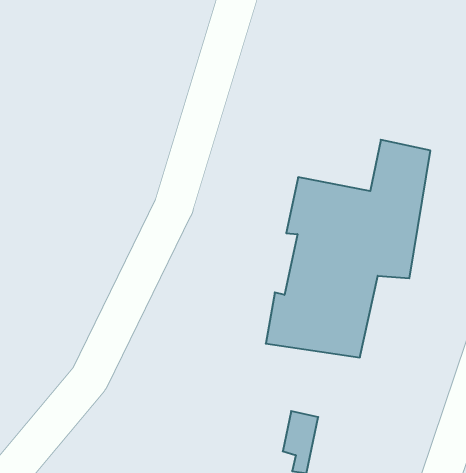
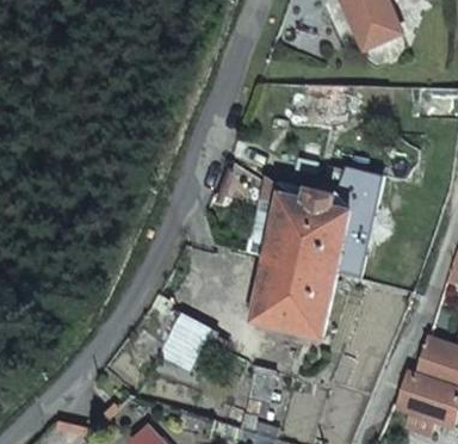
building: none -> [166,319,210,371]

